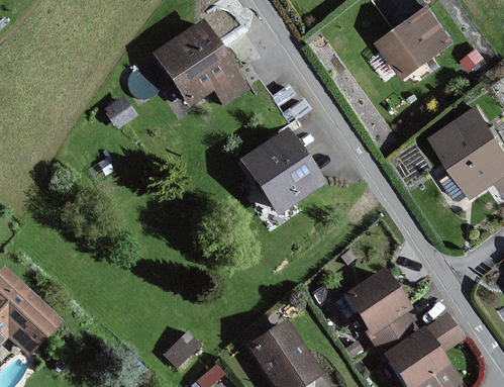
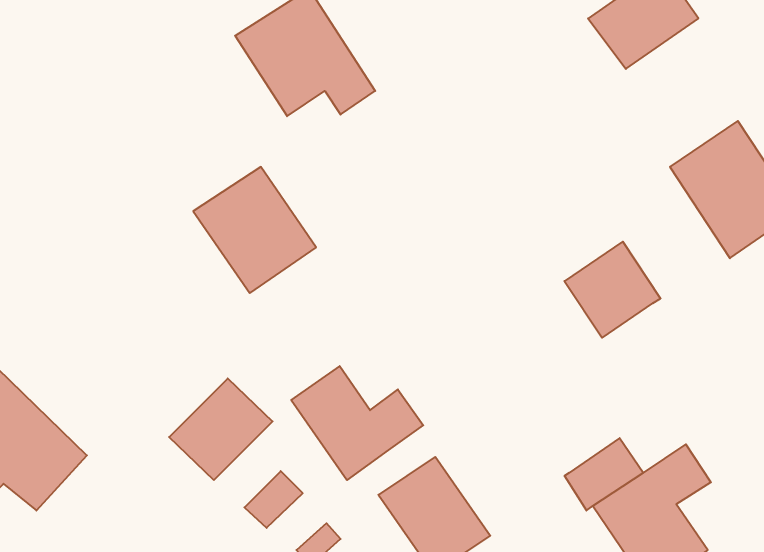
building: [240,131,319,212] -> [193,167,316,293]
building: none -> [291,366,423,480]
building: [345,271,407,332] -> [564,242,661,338]
building: none -> [169,378,273,480]

